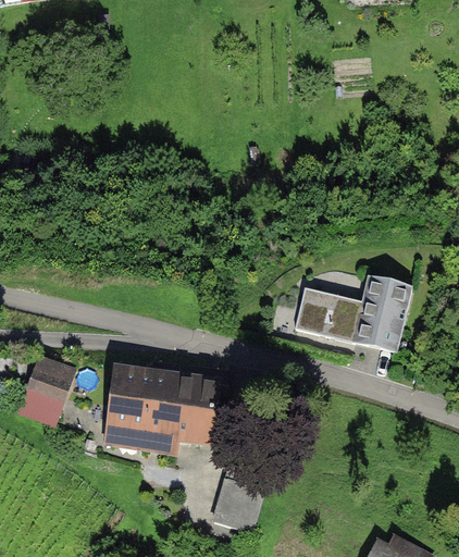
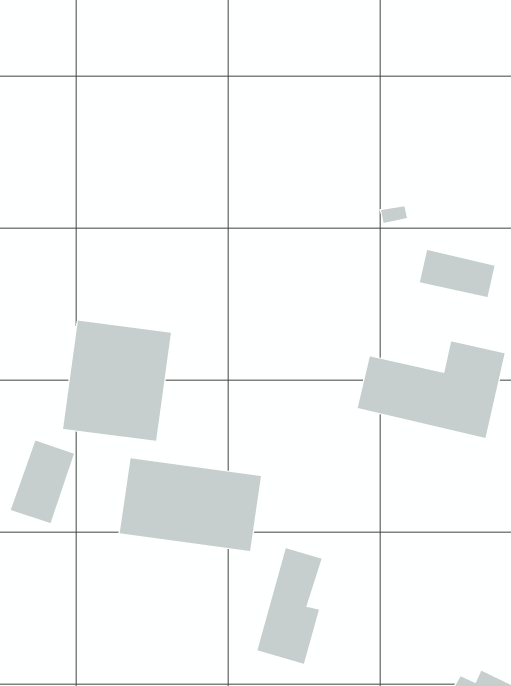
building: none -> [419,249,495,298]
building: none -> [63,320,171,442]

